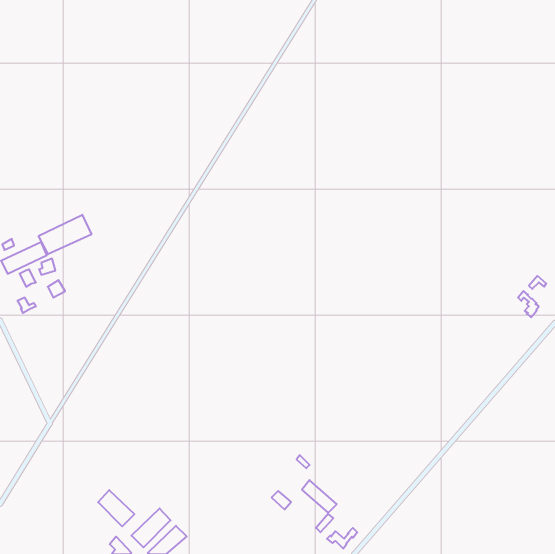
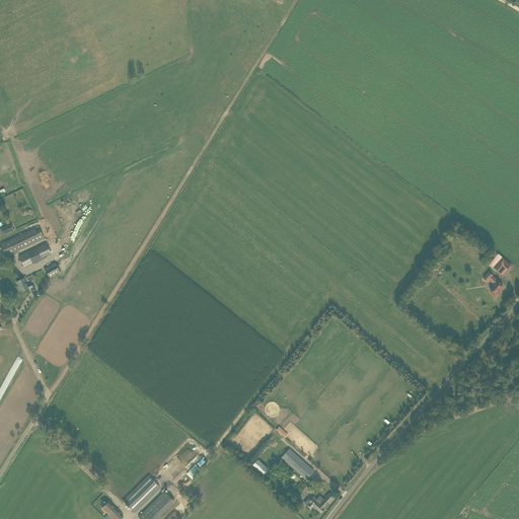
building: [39,215,91,254] -> none
building: [98,490,134,526] -> none

